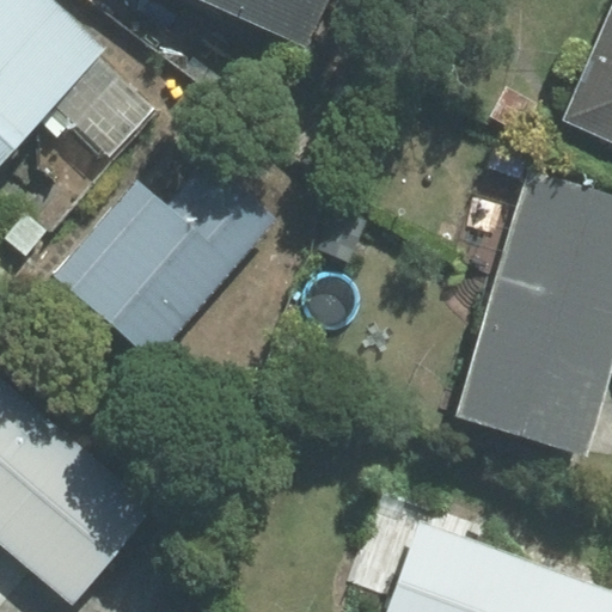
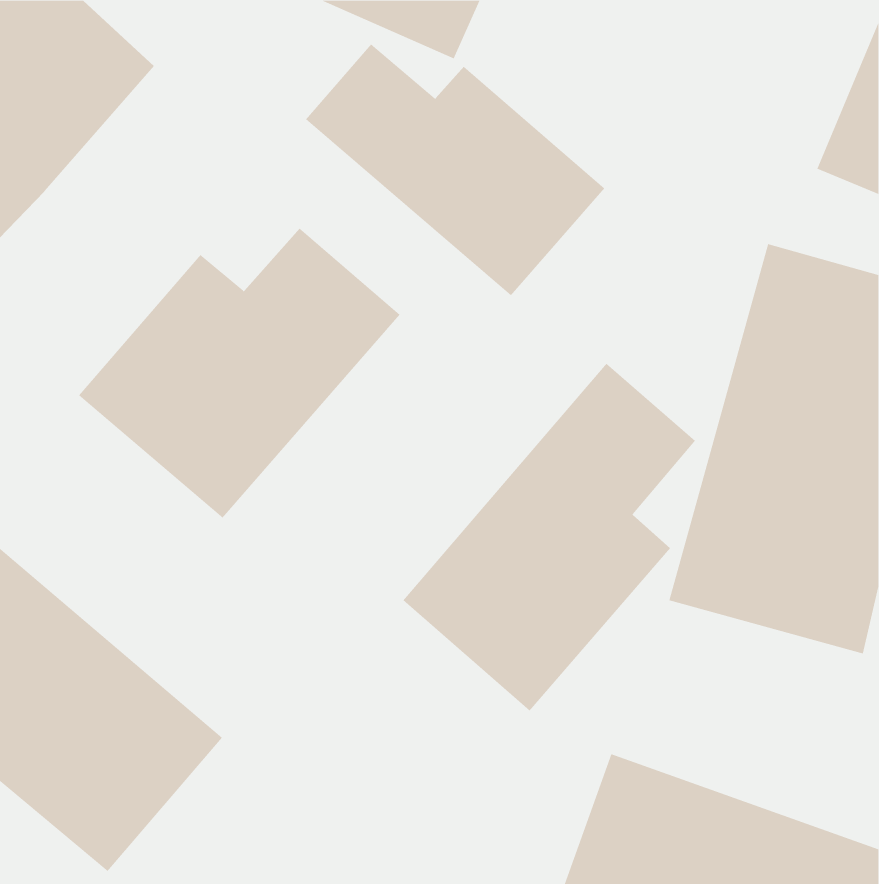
building: none -> [305,44,605,296]
building: none -> [403,363,696,712]

